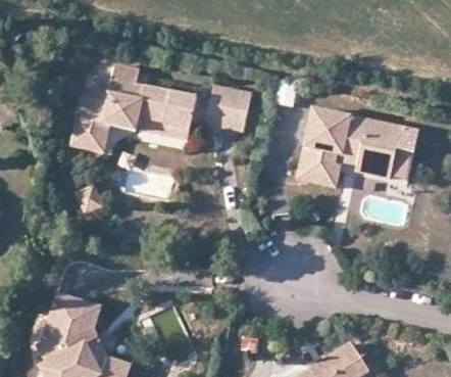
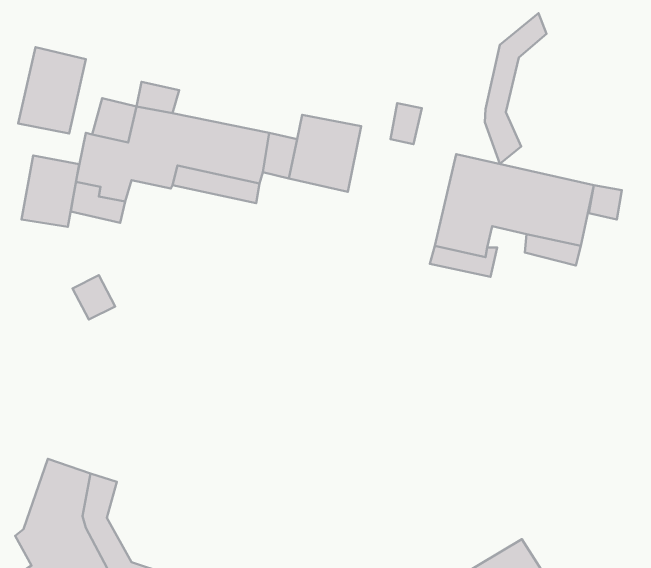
building: none -> [485,13,547,164]
building: none -> [18,47,86,134]
building: none -> [21,156,79,227]

